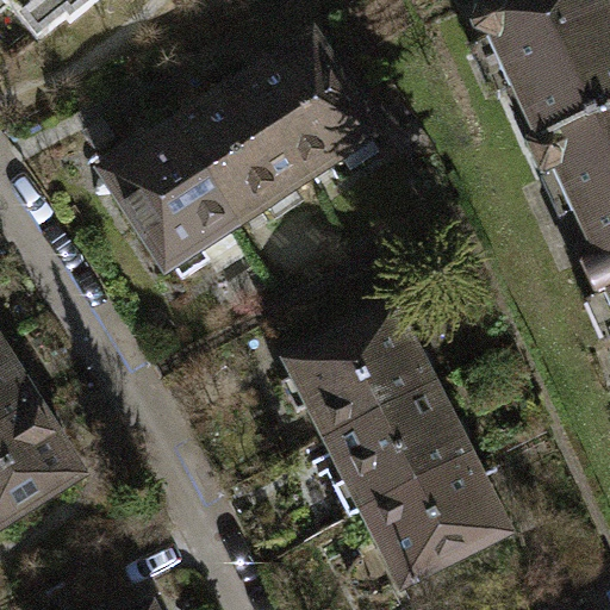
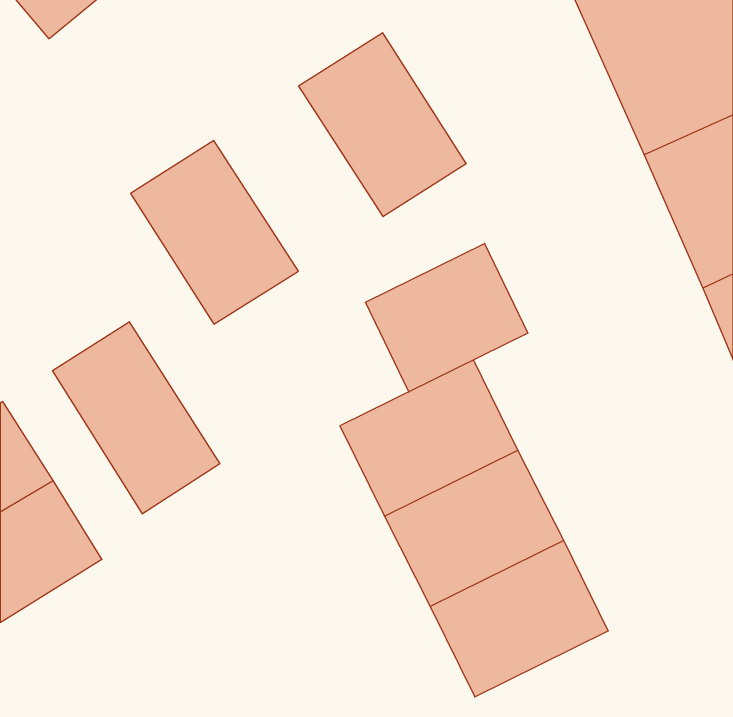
building: [178,71,318,225] -> none
building: none -> [366,243,528,392]
building: none -> [52,322,220,514]

